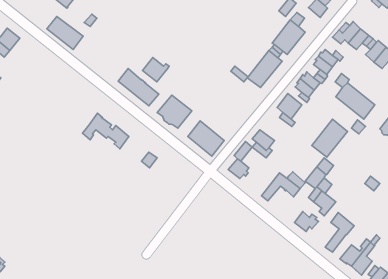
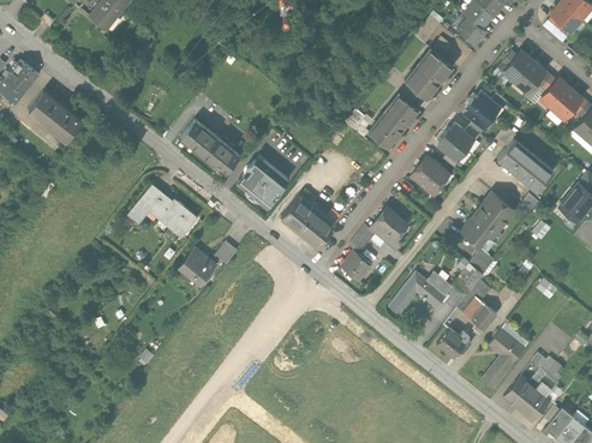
building: [47,16,83,50] -> [28,91,80,139]
building: [143,58,169,82] -> none
building: none -> [178,245,216,283]

